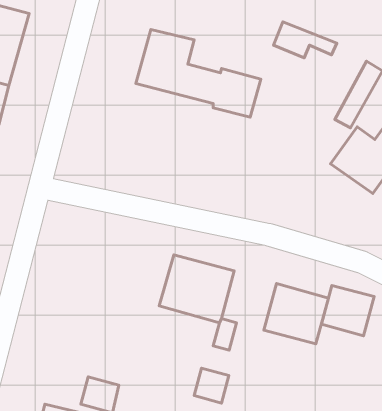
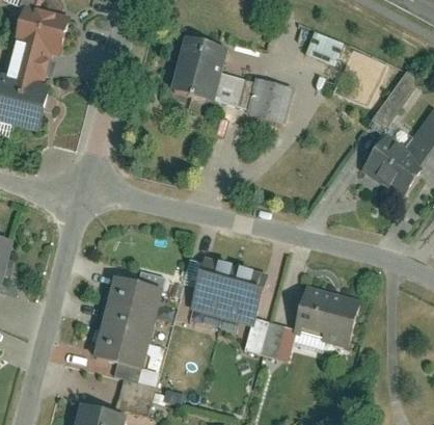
building: none -> [94,280,161,368]
building: [322,285,374,336] -> none
building: [194,368,229,403] -> [261,325,295,360]

